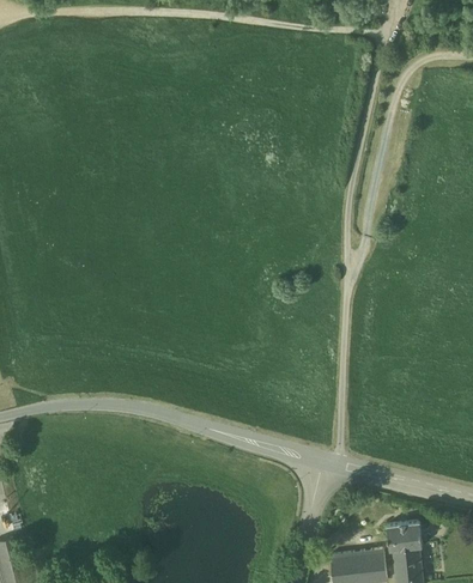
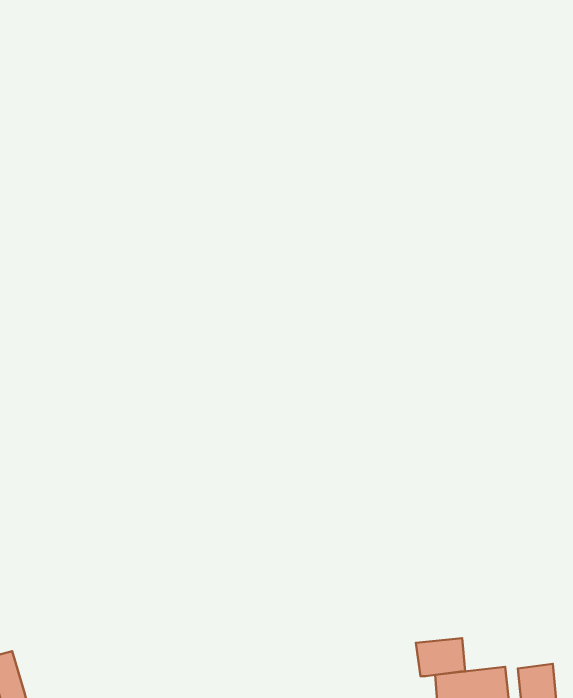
building: [386,521,423,549] -> [416,638,465,676]

